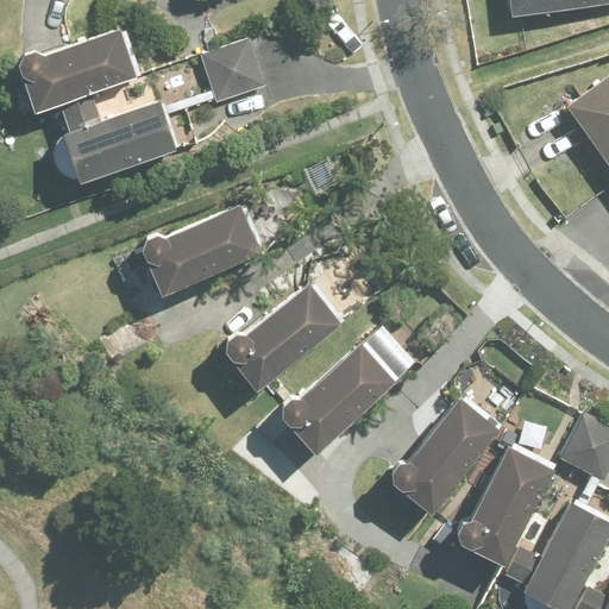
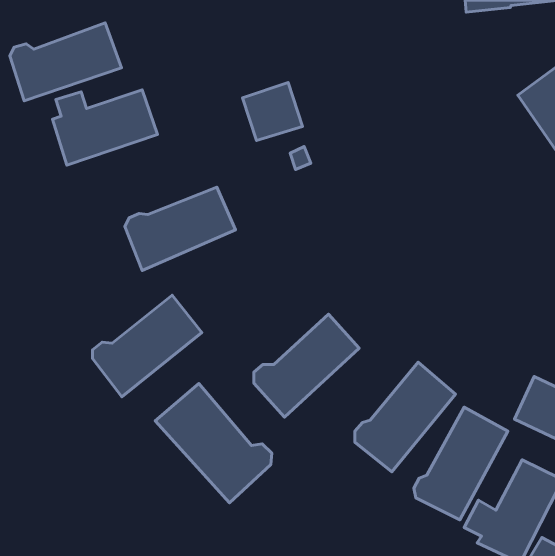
building: [205,40,270,103] -> [242,83,303,141]
building: [222,282,341,393] -> [92,295,202,397]
building: none -> [155,383,272,503]

